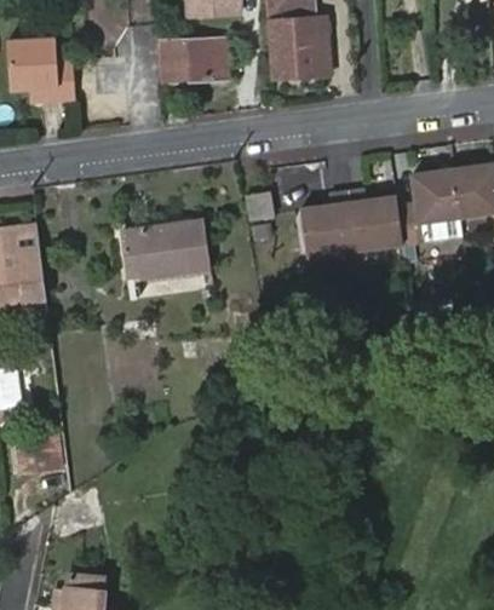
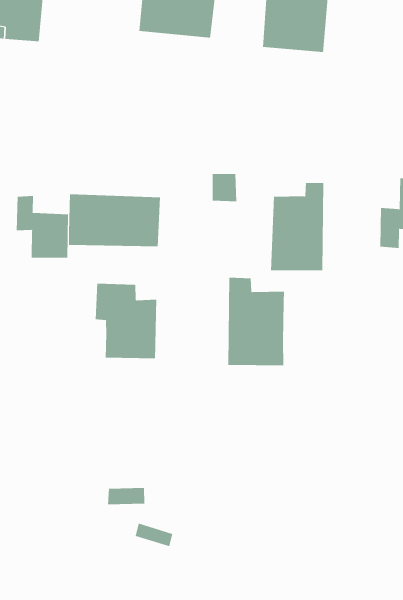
building: [347,186,409,267] -> [227,277,285,366]
building: none -> [16,195,69,259]
building: none -> [95,283,157,359]

